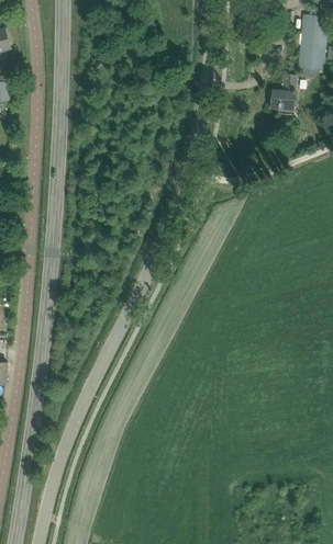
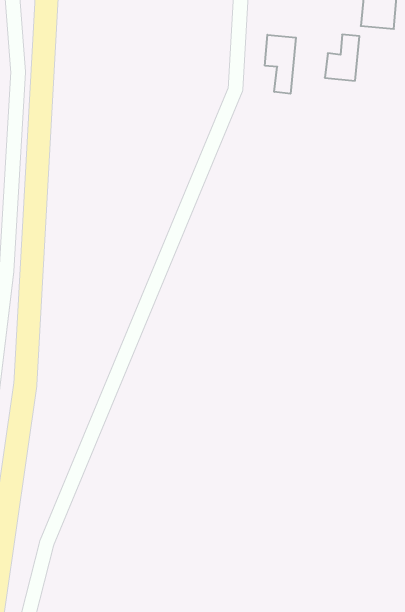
building: none -> [265,35,296,94]

